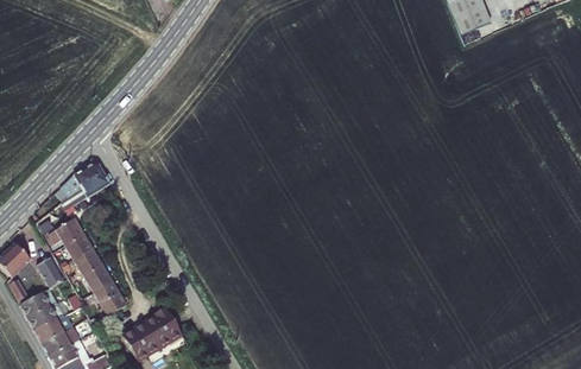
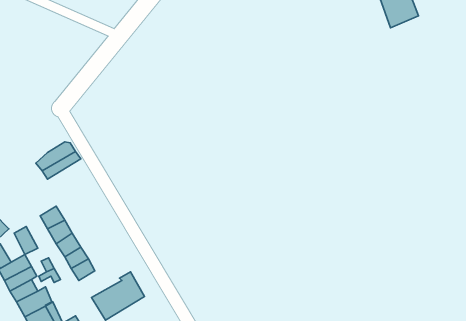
building: [51,216,86,243] -> none

